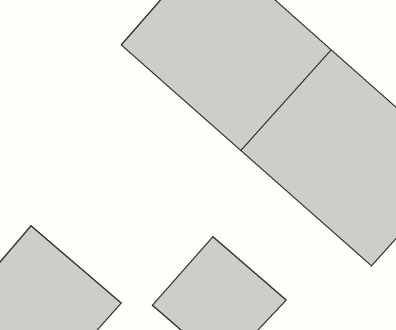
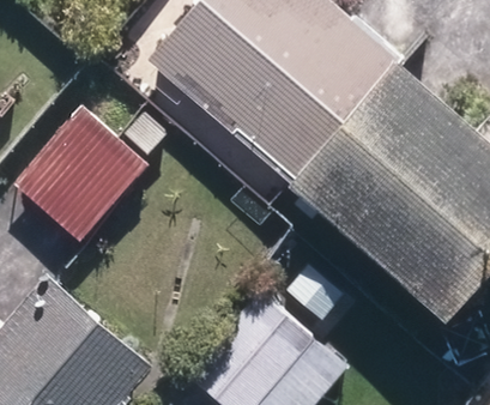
building: none -> [14,107,150,243]

